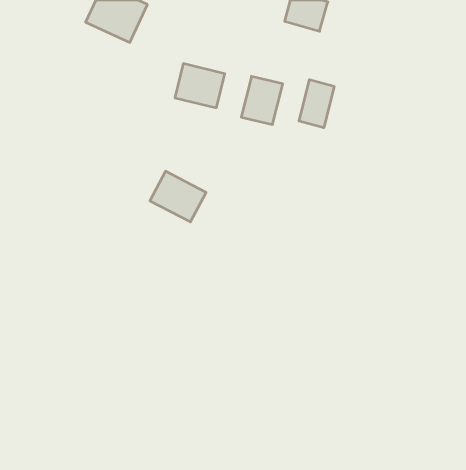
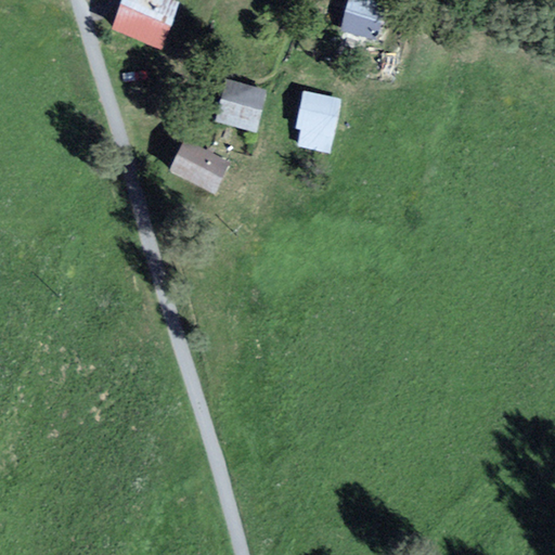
building: [299,80,334,128] -> none
building: [150,171,206,222] -> [168,137,234,196]

